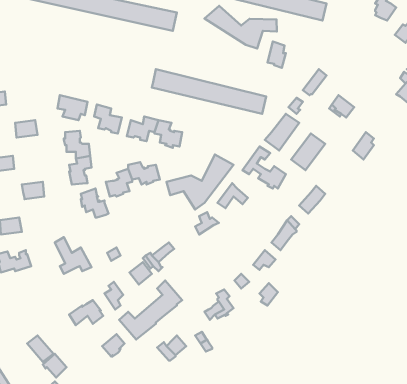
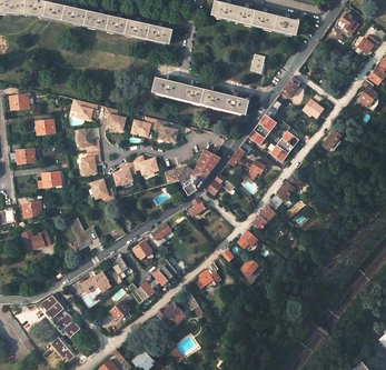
building: [205,6,277,49] -> none

